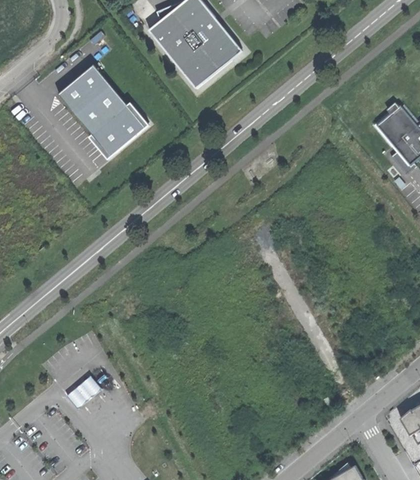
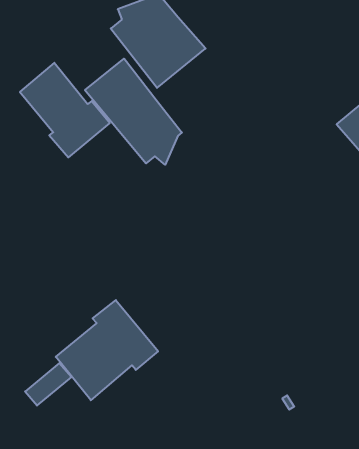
building: none -> [85,59,182,165]
building: none -> [56,300,158,400]

